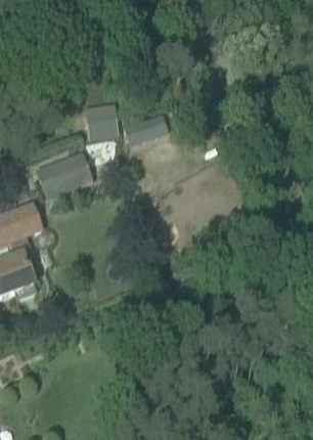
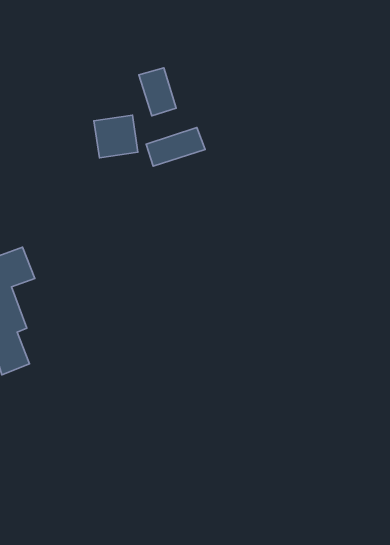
building: none -> [139,68,176,116]
building: [35,151,92,199] -> none

